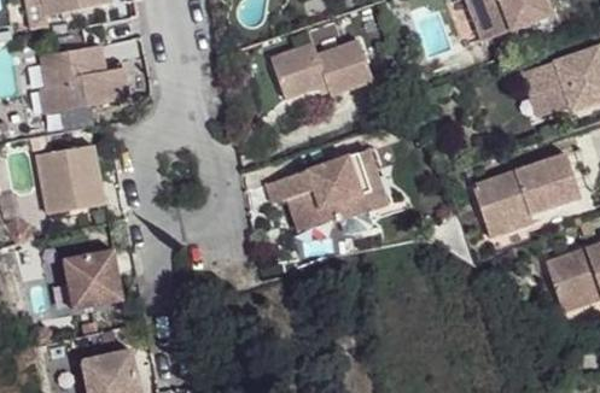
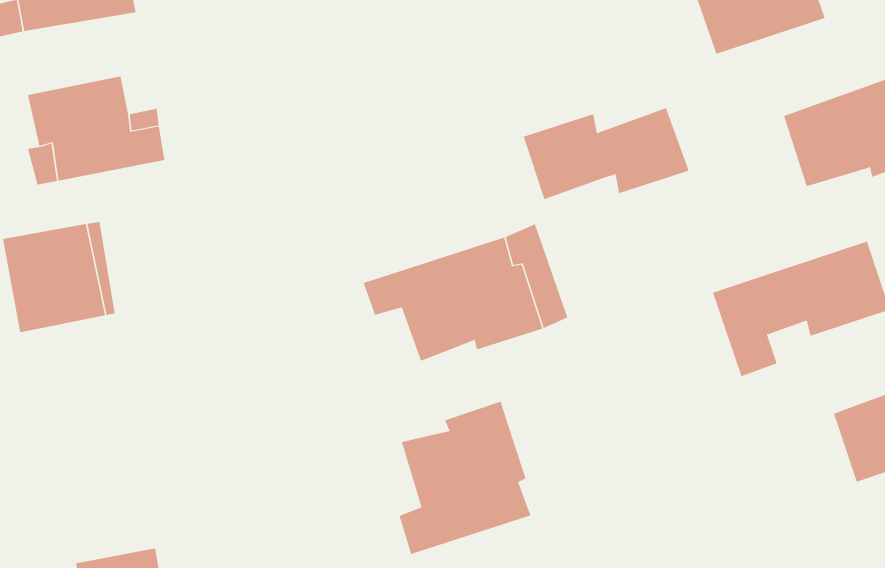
building: [269,36,374,94] -> [523,108,690,200]
building: [60,248,121,309] -> none
building: none -> [399,401,531,555]

